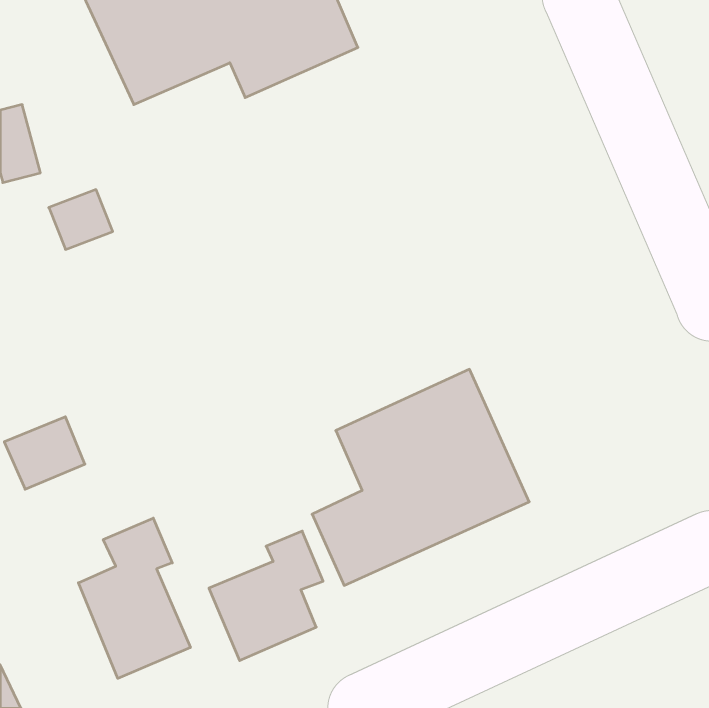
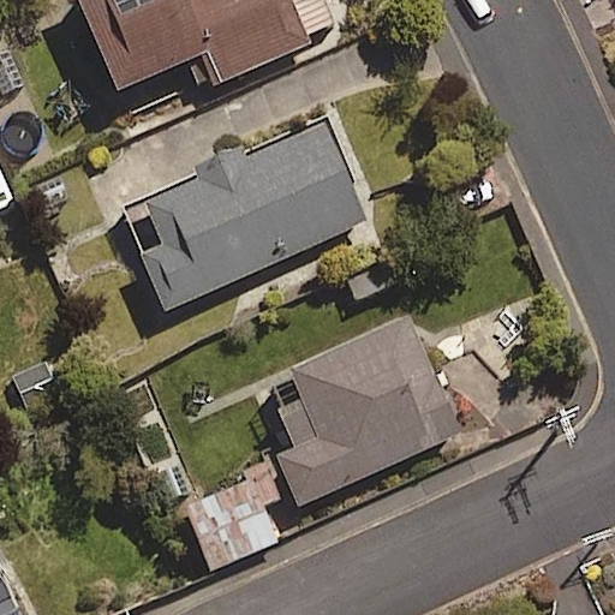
building: none -> [124,119,369,308]
building: [78,518,190,678] -> none

